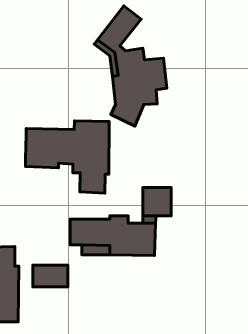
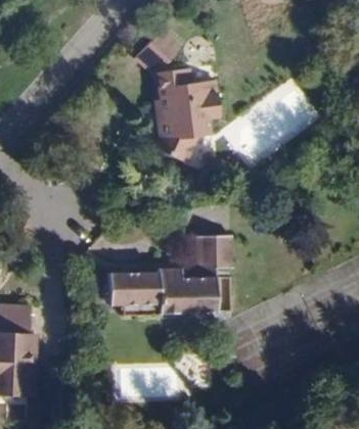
building: [25,121,109,193] -> none
building: [33,265,68,287] -> none

